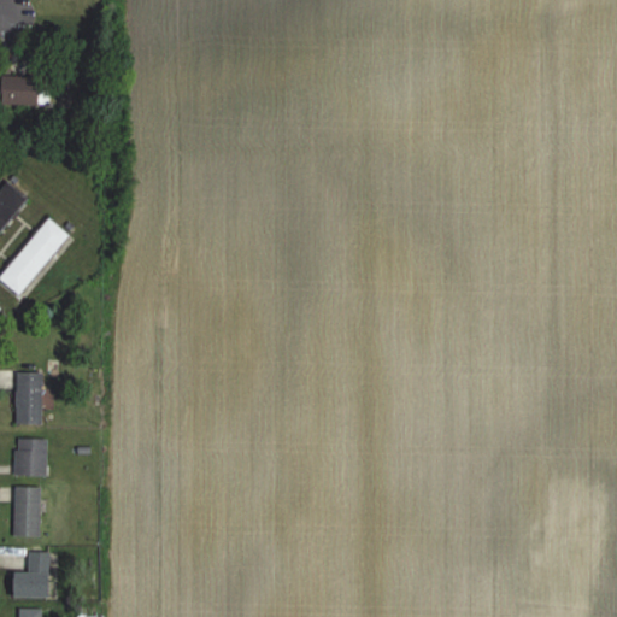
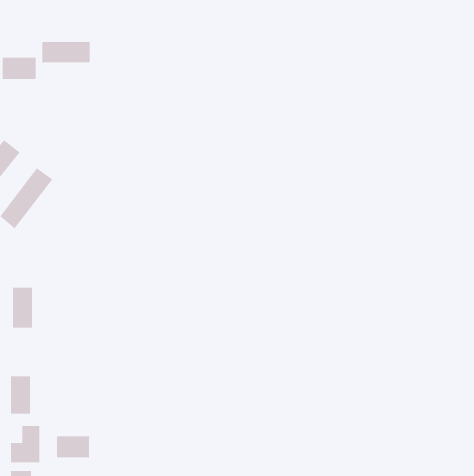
building: none -> [42,41,90,63]
building: [14,439,46,477] -> none
building: none -> [57,435,90,458]

